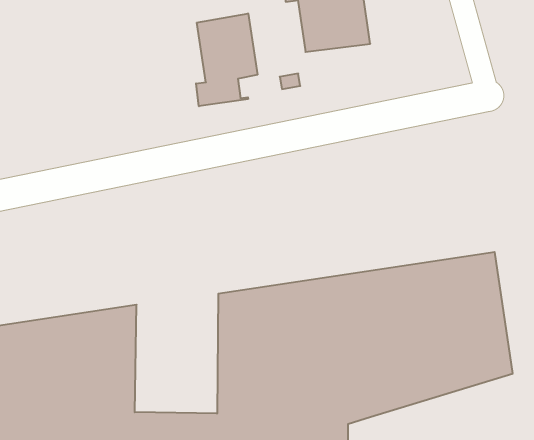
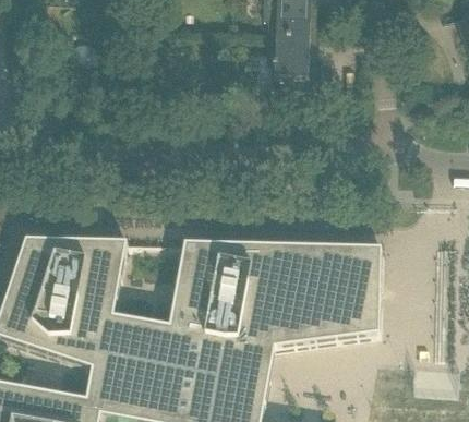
building: [196,13,257,106] -> none

